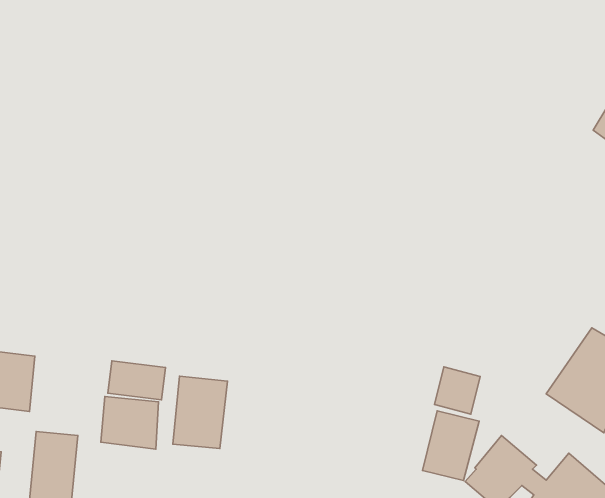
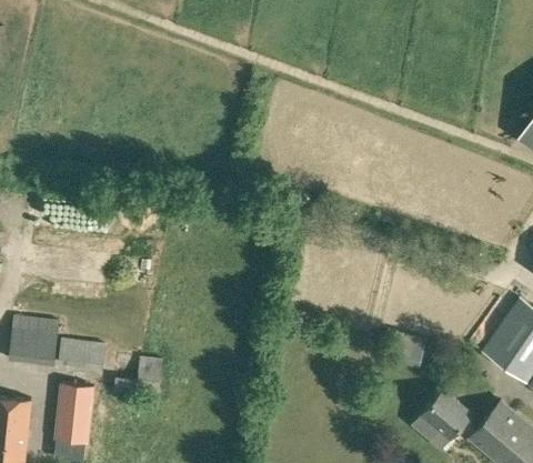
building: [108,361,166,400] -> [58,339,105,371]
building: [173,376,228,449] -> none
building: [423,411,479,481] -> none

